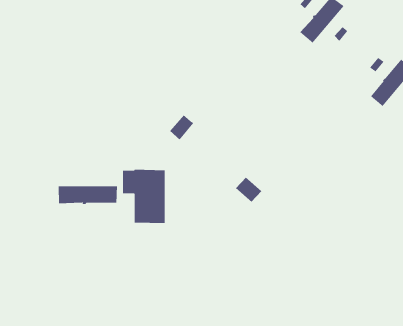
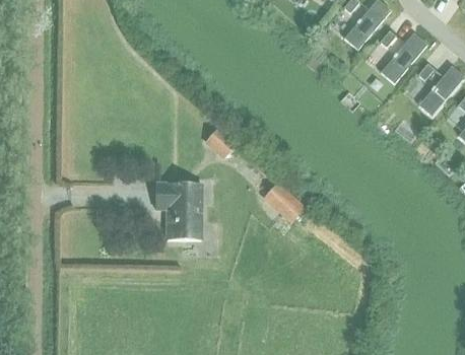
building: none -> [381,32,426,83]
building: [58,186,118,205] -> none

